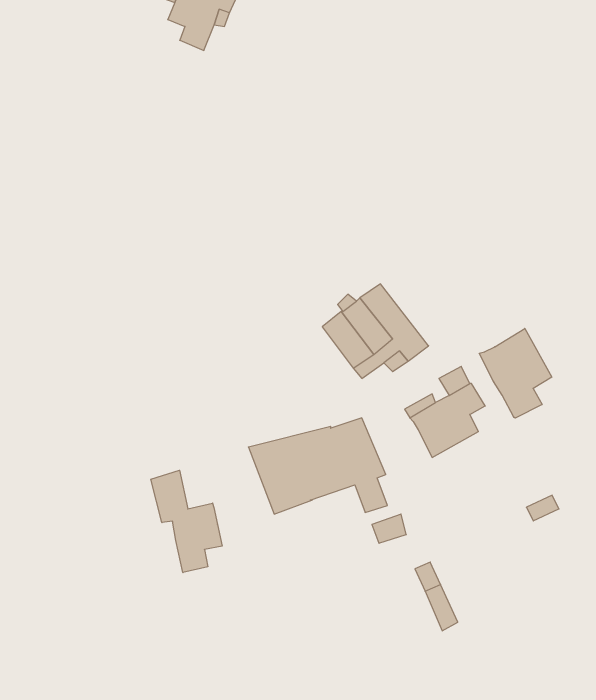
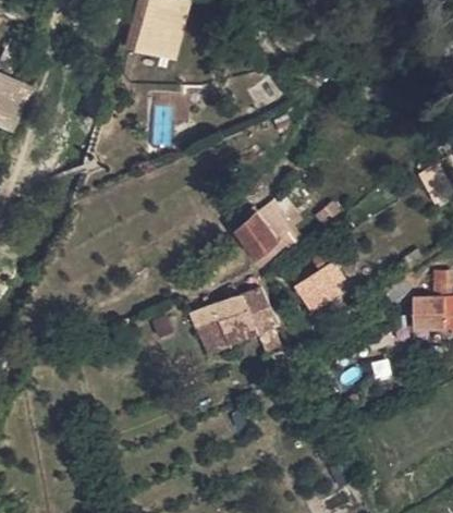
building: [479,328,552,418] -> none
building: [151,470,222,573] -> none

